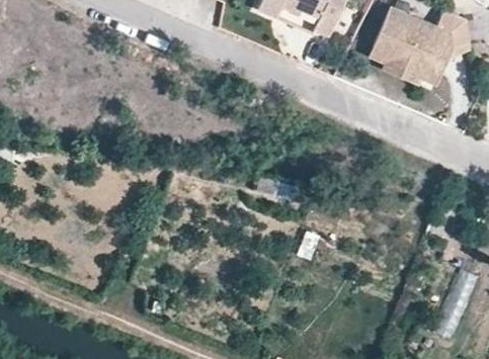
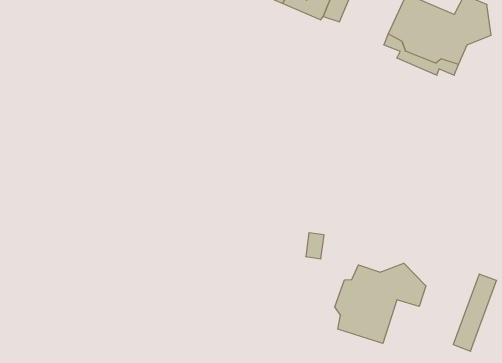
building: none -> [335,263,426,343]

